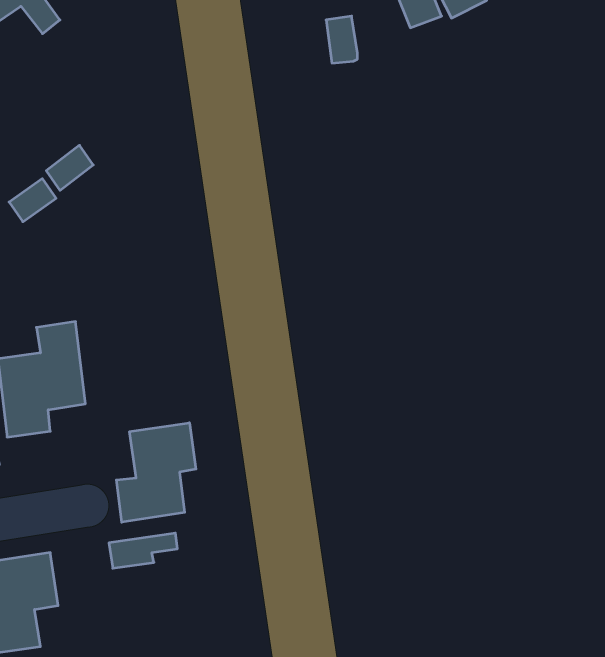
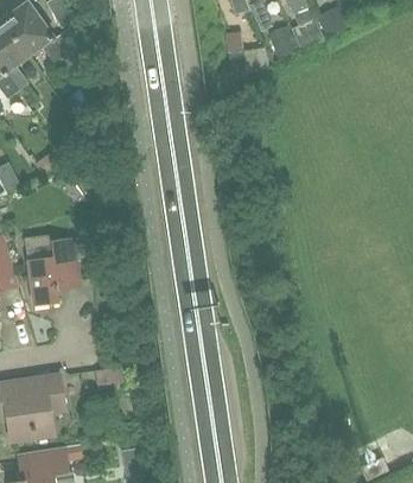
building: [116,423,196,522] -> none

